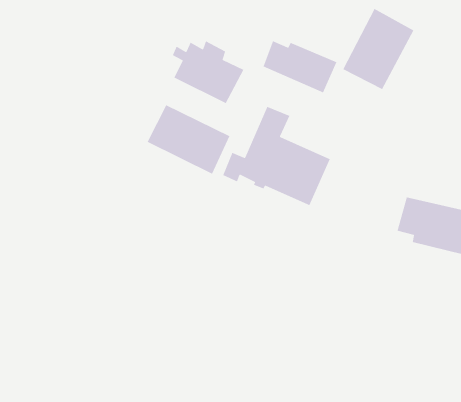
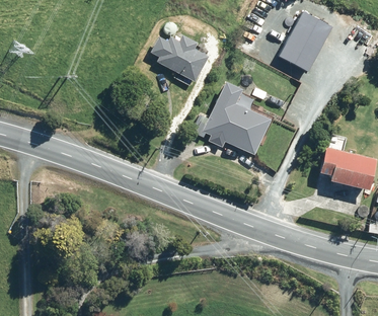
building: [263,40,338,94] -> none
building: [147,104,231,175] -> none

